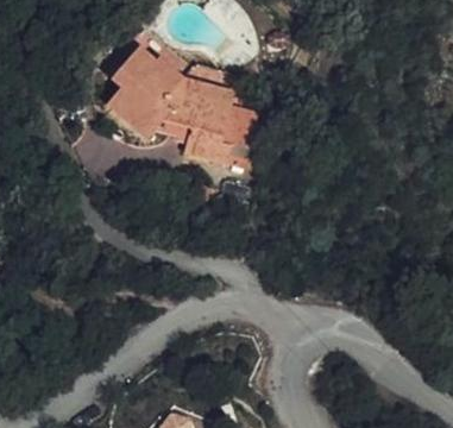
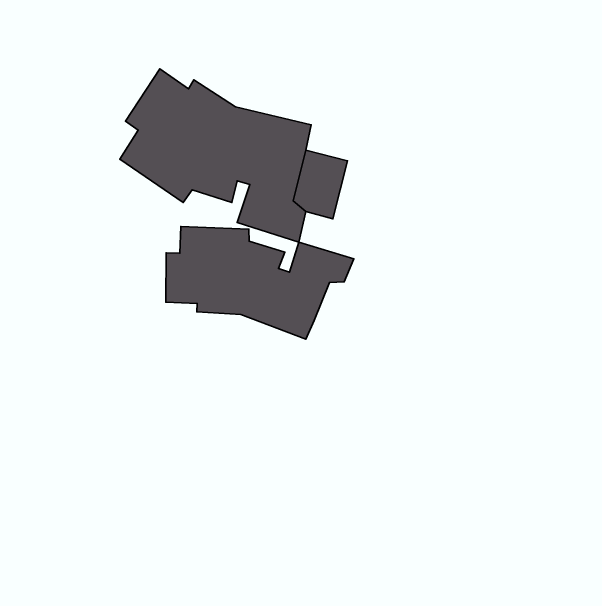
building: none -> [166,226,354,339]

